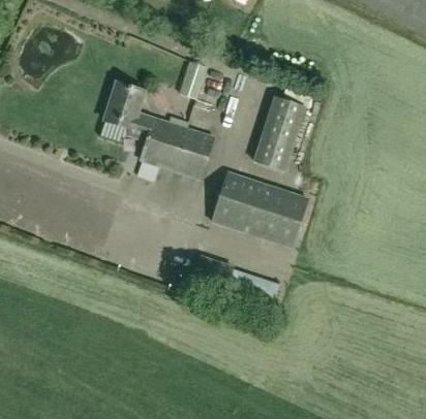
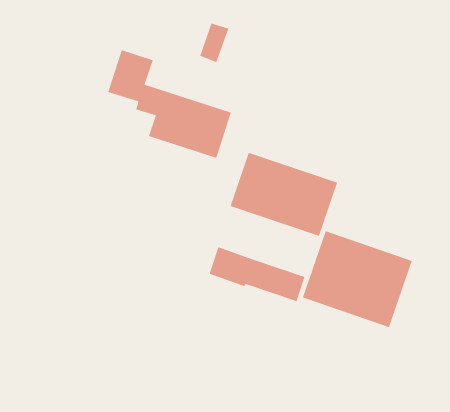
building: [260,87,305,162] -> none
building: none -> [302,230,413,328]

